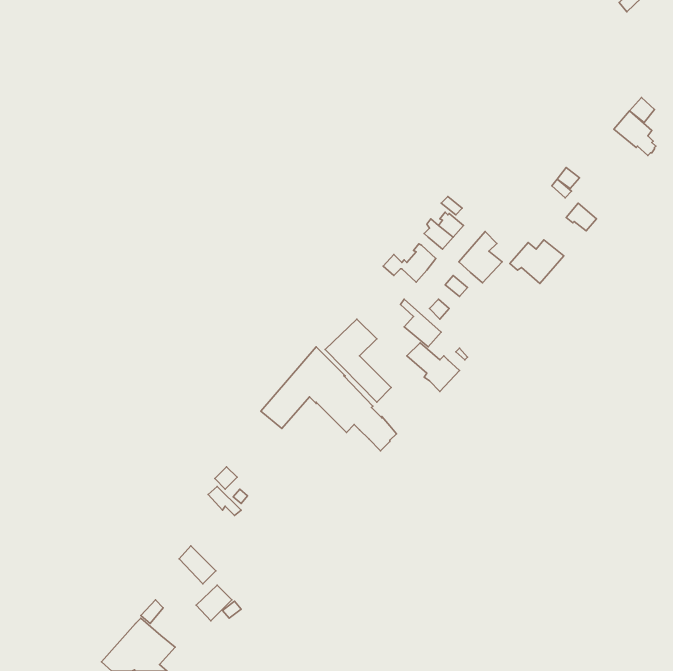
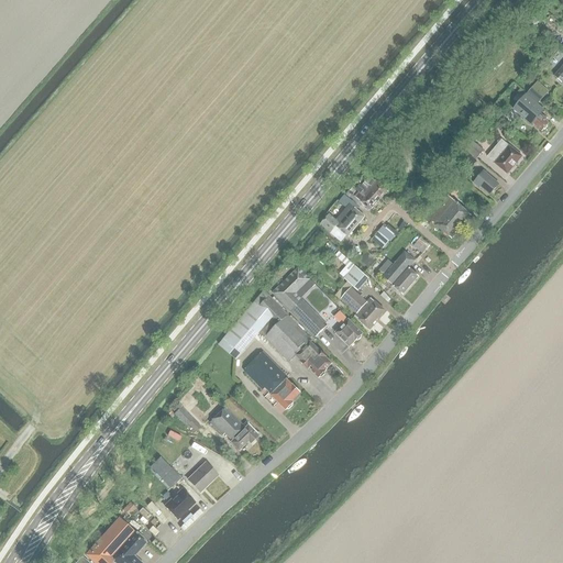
building: none -> [487,137,521,173]
building: [459,232,502,283] -> [383,250,419,292]
building: none -> [334,312,362,345]
building: none -> [243,350,300,408]
building: none -> [209,406,257,449]
building: none -> [187,461,217,490]

